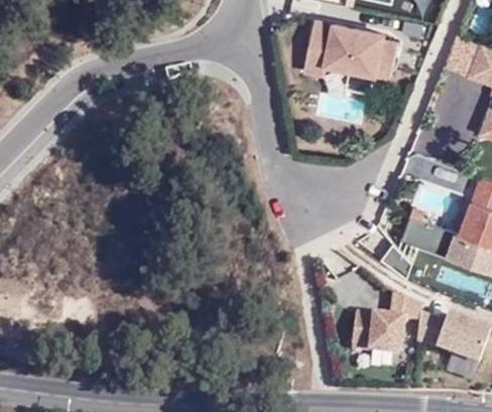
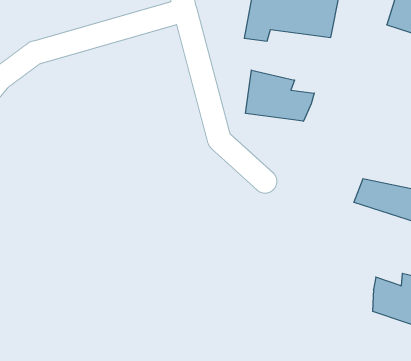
building: none -> [246,70,314,121]
building: [349,294,419,359] -> none

